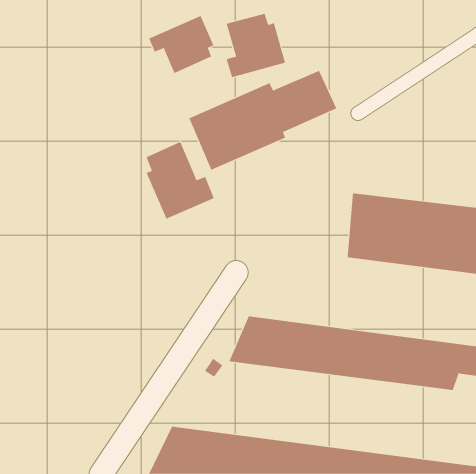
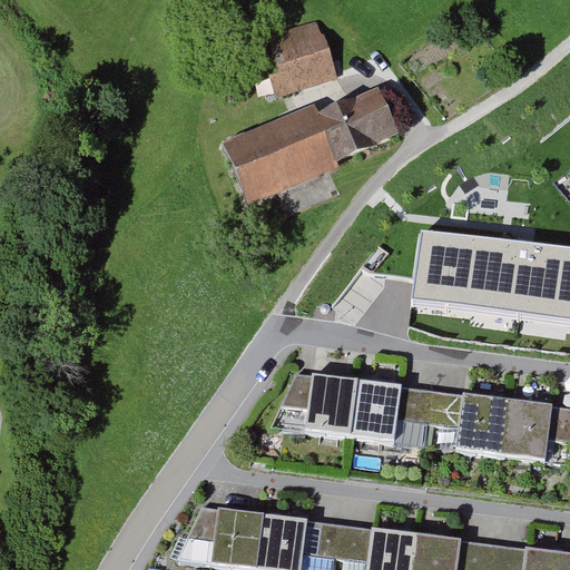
building: [149,15,214,74] -> none
building: [146,141,215,220] -> none

